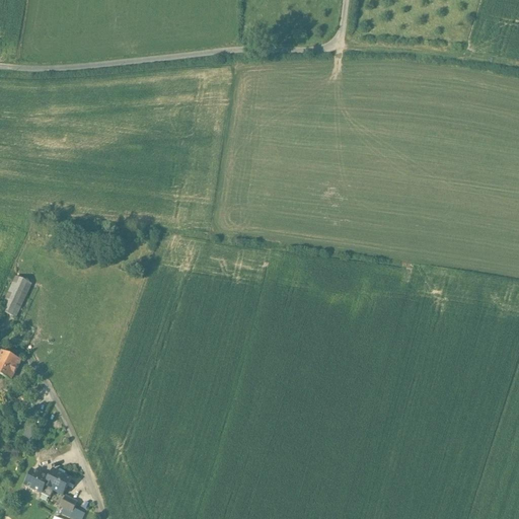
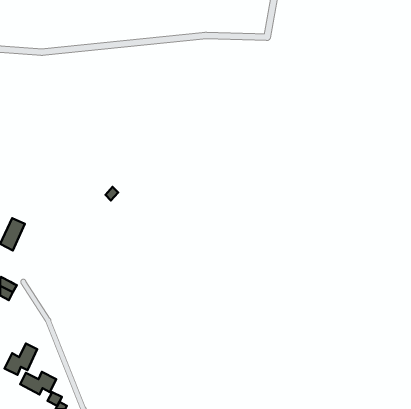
building: none -> [4,344,37,375]

